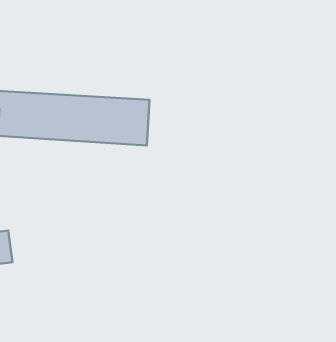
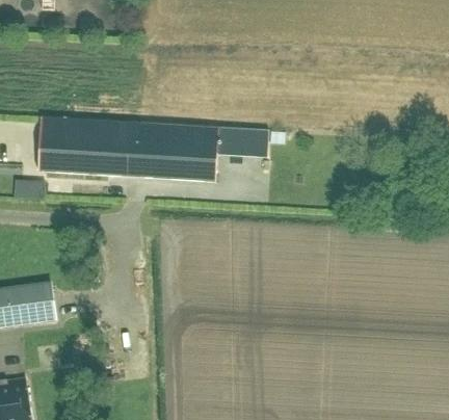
building: none -> [216,128,268,156]

